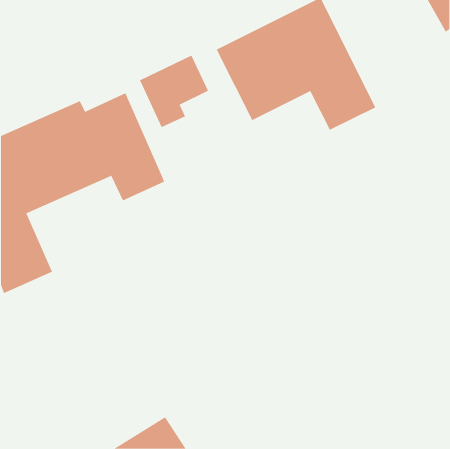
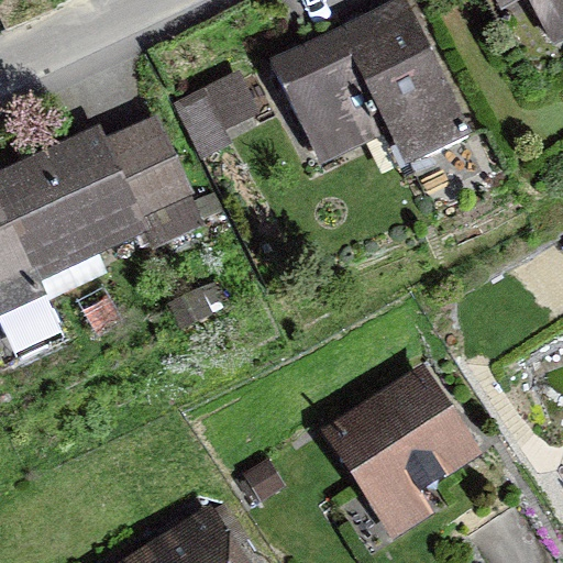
building: none -> [336,378,468,507]

